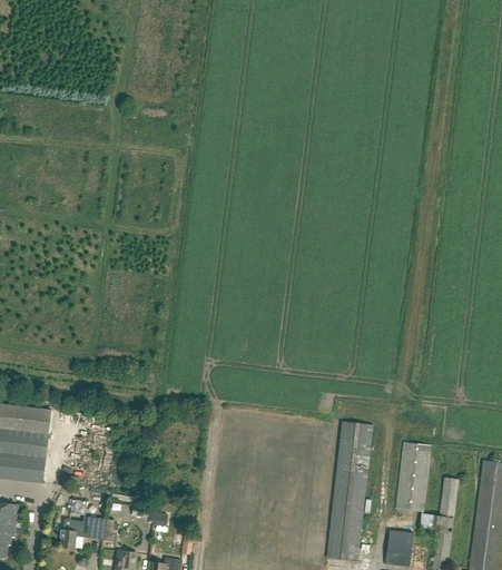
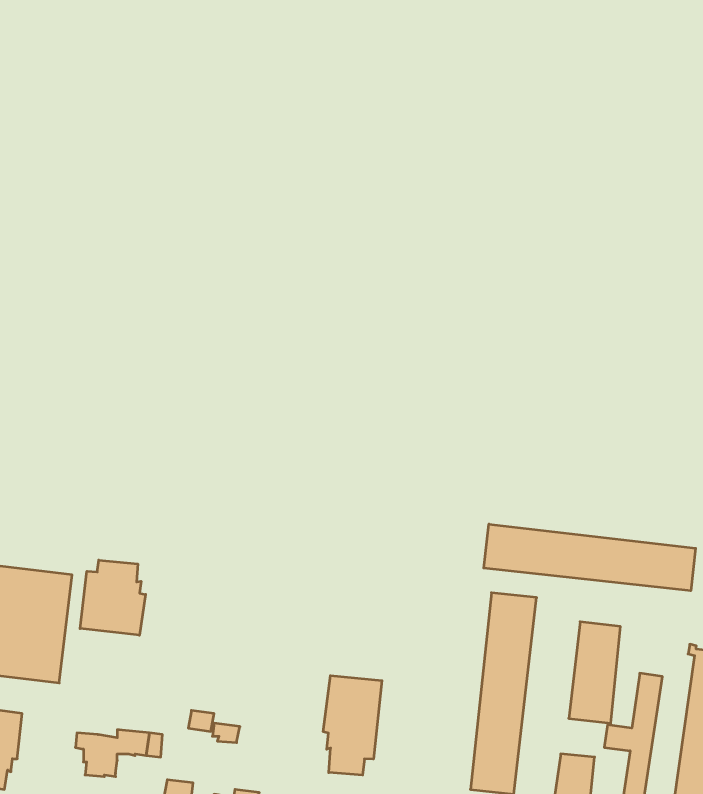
building: none -> [484,524,696,591]
building: none -> [80,560,146,635]
building: none -> [323,676,382,775]

